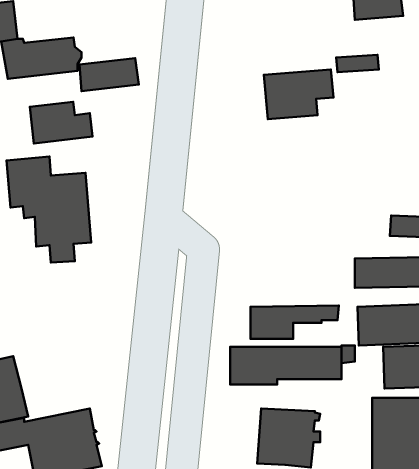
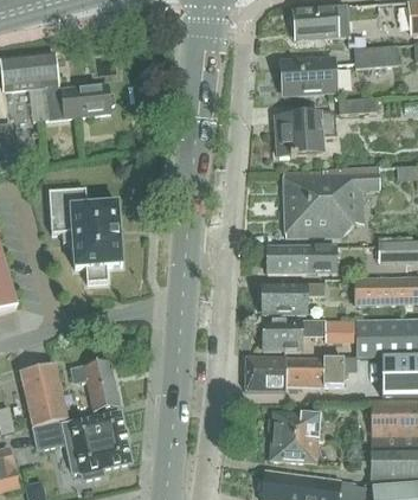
building: none -> [281,57,335,94]
building: [80,58,139,91] -> none
building: [30,102,92,143] -> none
building: none -> [283,166,380,236]
building: none -> [266,244,341,273]
building: none -> [262,283,326,314]
building: none -> [70,359,118,410]

